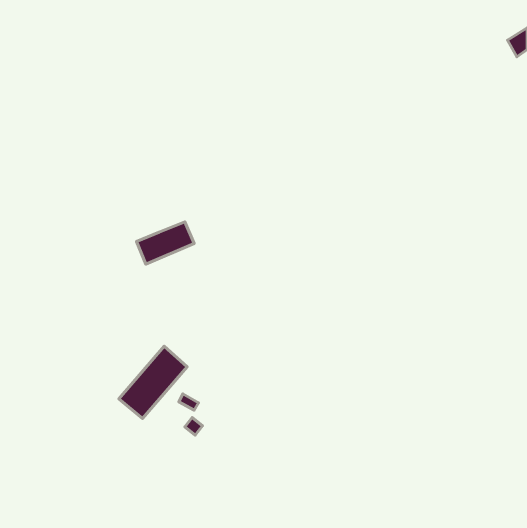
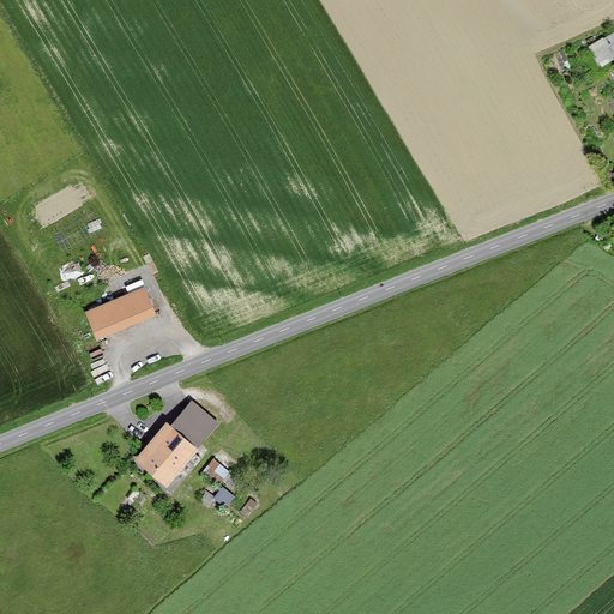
building: [136,222,194,264] -> [86,289,154,338]

